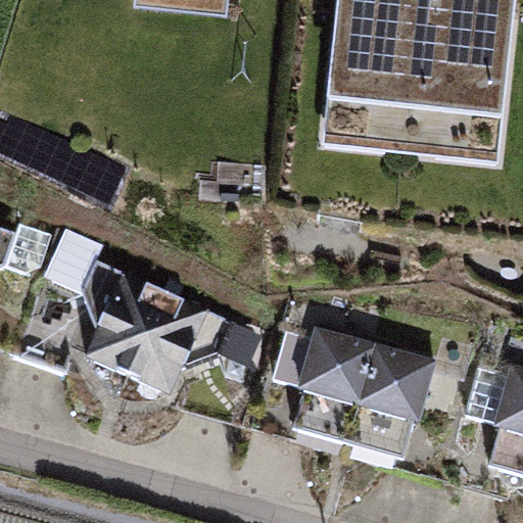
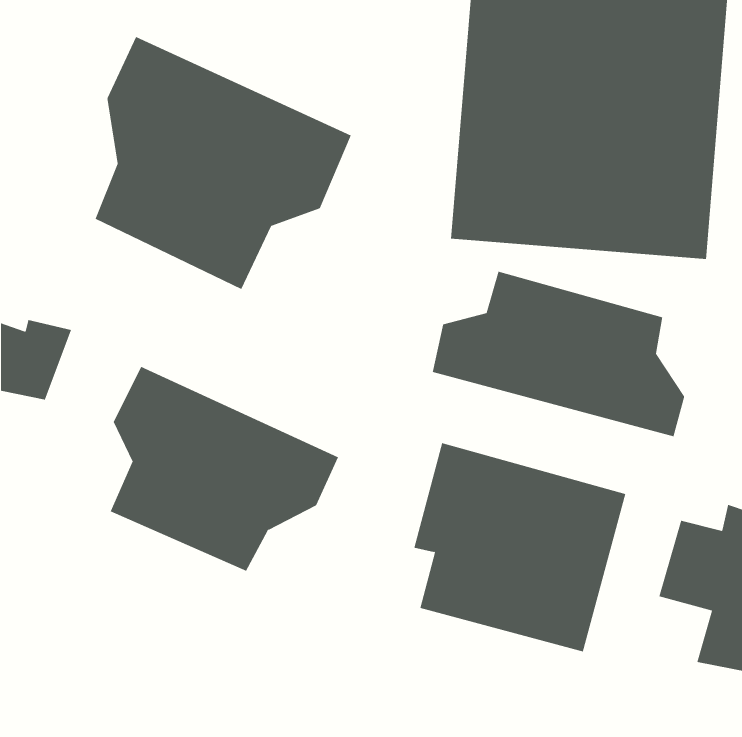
building: none -> [95,36,352,290]
building: none -> [432,271,685,437]

